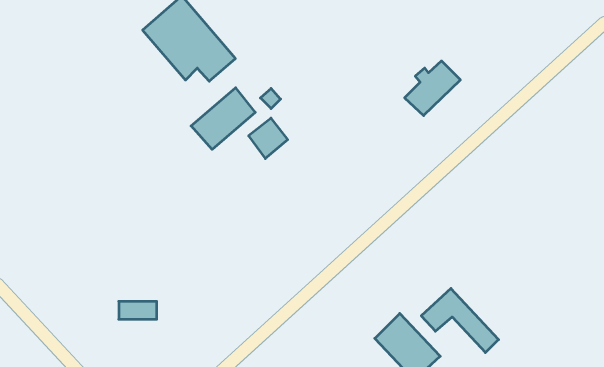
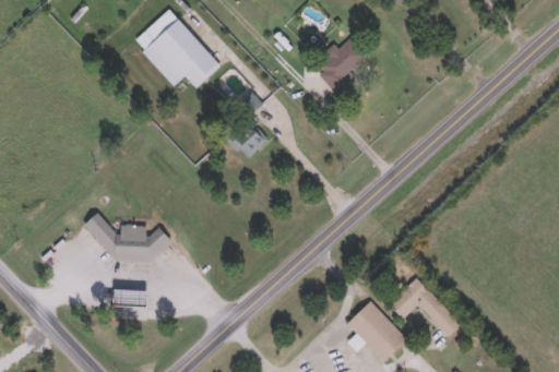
building: [405,61,460,116] -> [317,39,368,89]
building: [191,88,255,149] -> none
building: none -> [84,212,171,261]

